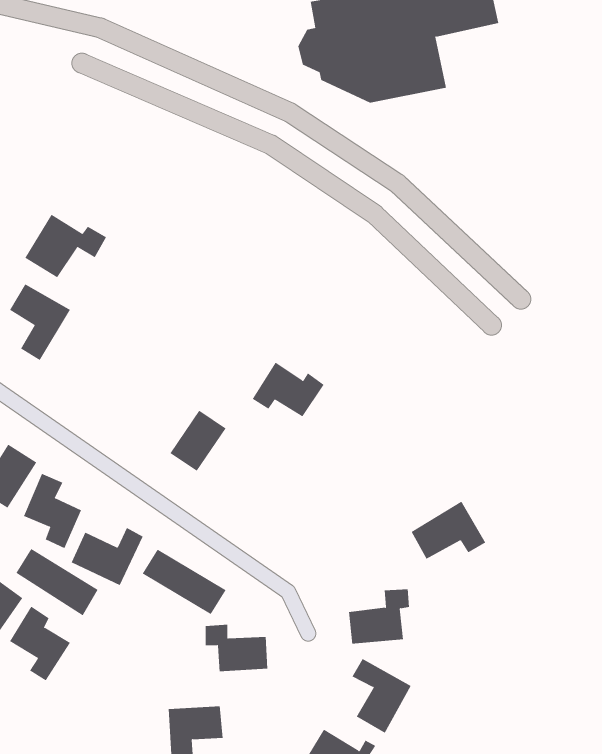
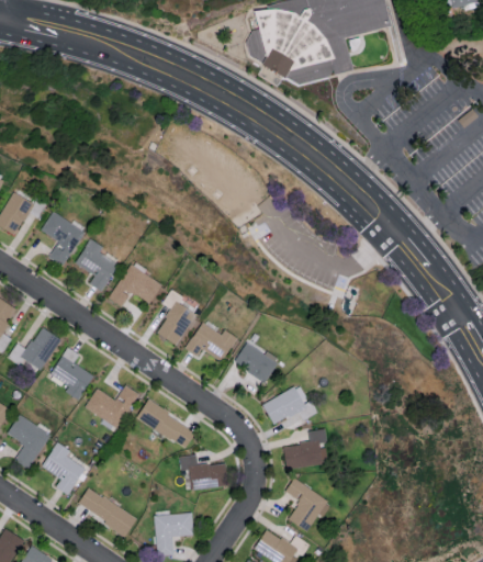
building: [25,214,107,278] -> none
building: none -> [76,238,119,291]
building: none -> [109,265,162,307]
building: [252,362,324,417] -> [186,322,237,361]
building: none -> [235,341,279,381]
building: [411,501,486,559] -> [263,383,317,425]
building: [15,548,99,616] -> [78,487,137,536]

